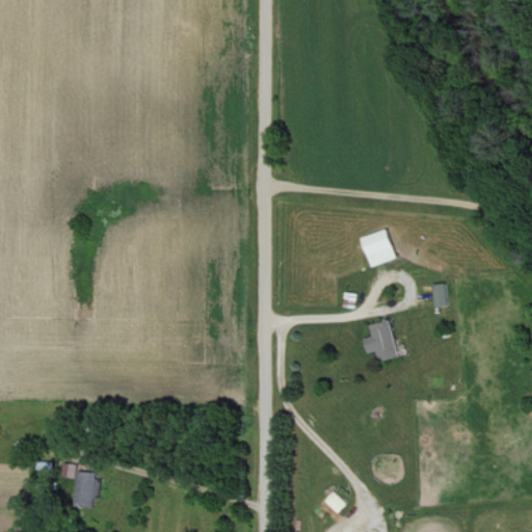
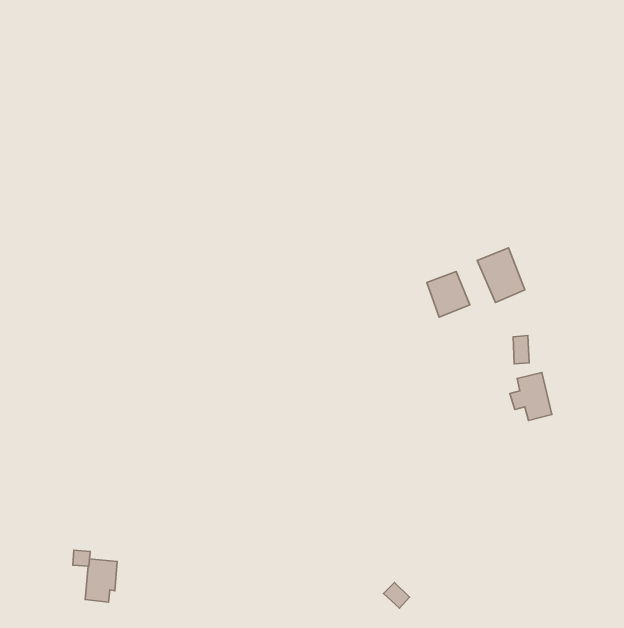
building: none -> [477,248,525,302]
building: [362,321,397,362] -> [510,372,552,421]

